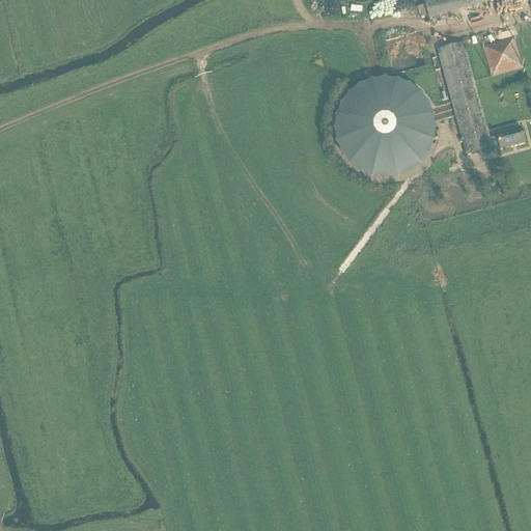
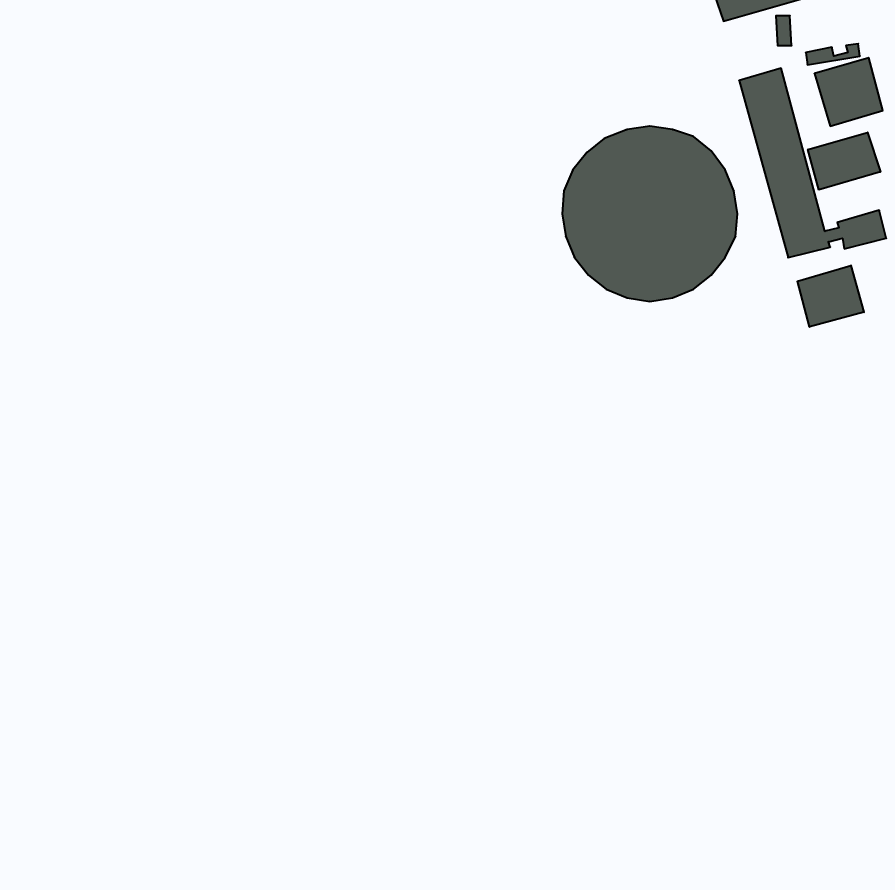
building: none -> [808,132,880,190]
building: none -> [797,265,864,327]

